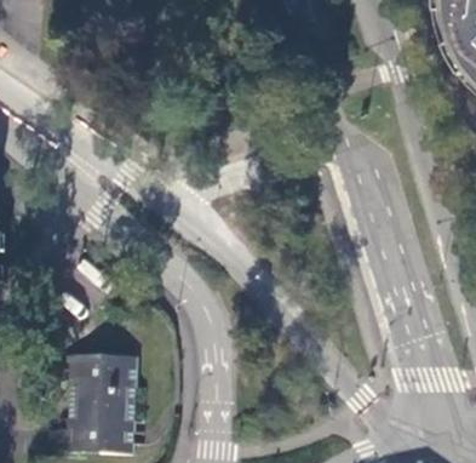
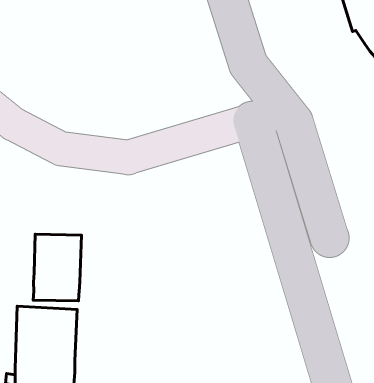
building: none -> [33,234,81,301]

